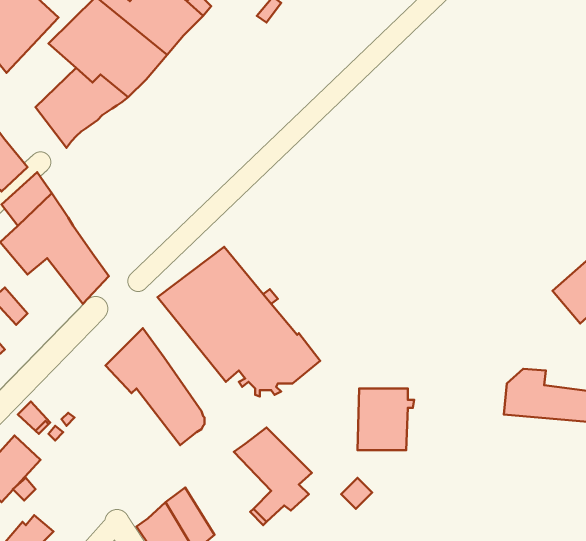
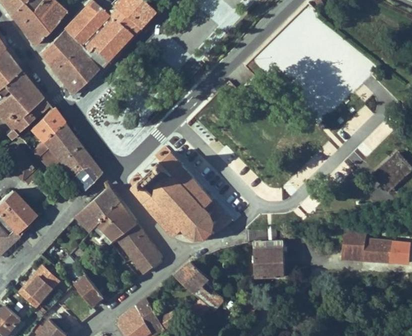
building: none -> [40,28,79,67]
building: none -> [77,186,120,232]
building: none -> [75,276,102,306]

